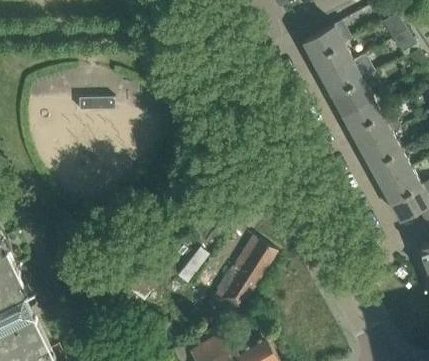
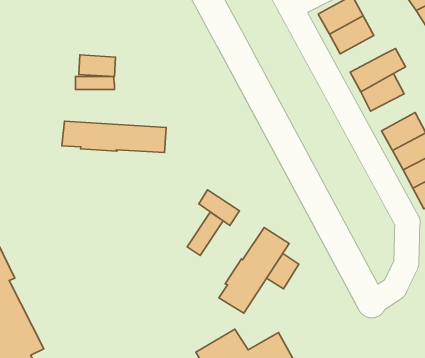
building: [323,62,364,96] -> none
building: [351,116,392,150] -> none
building: none -> [62,121,166,153]
building: none -> [199,190,240,226]
building: none -> [266,253,299,289]

